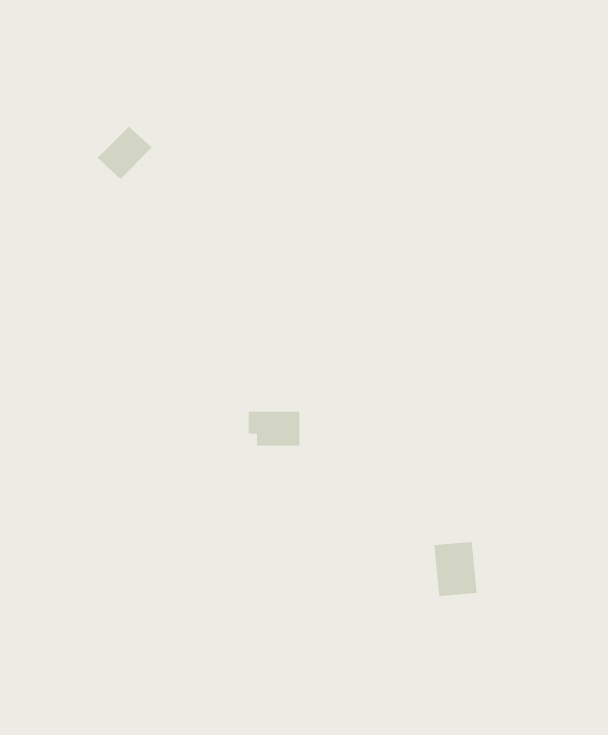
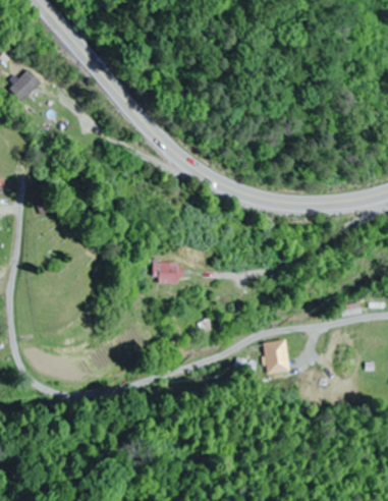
building: [97,126,153,180] -> [8,69,42,102]

